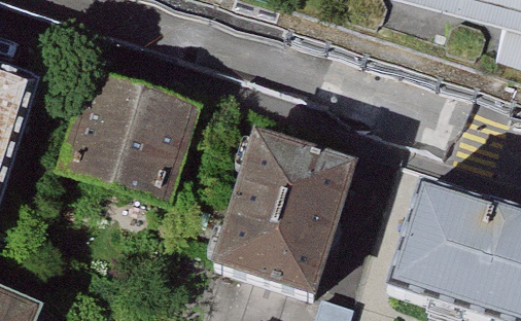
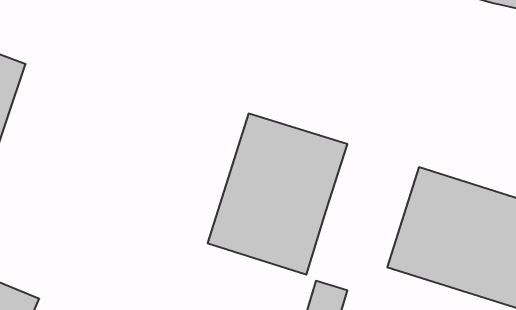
building: [68,78,193,190] -> none

